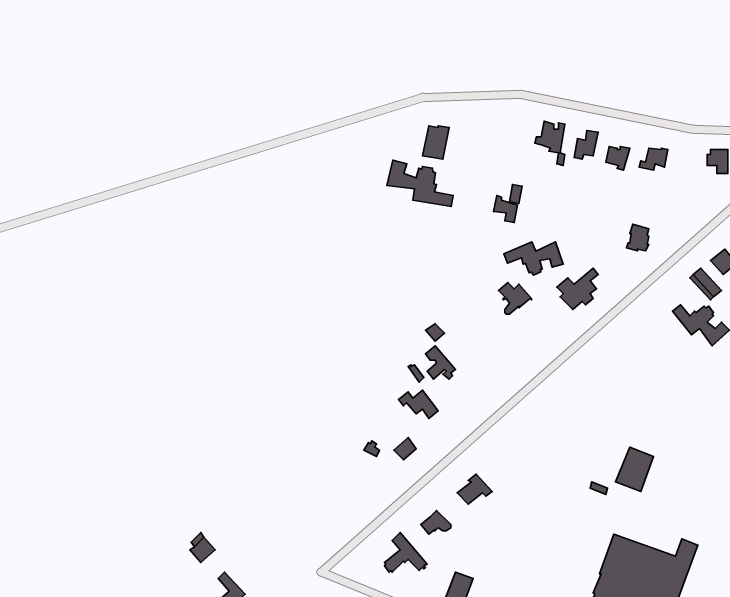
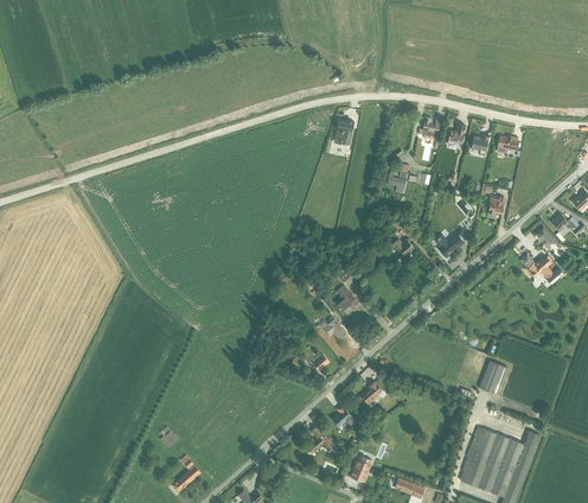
building: [387,160,453,206] -> none
building: [504,242,563,275] -> none

